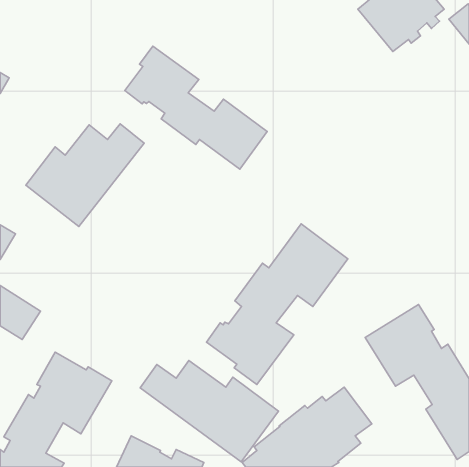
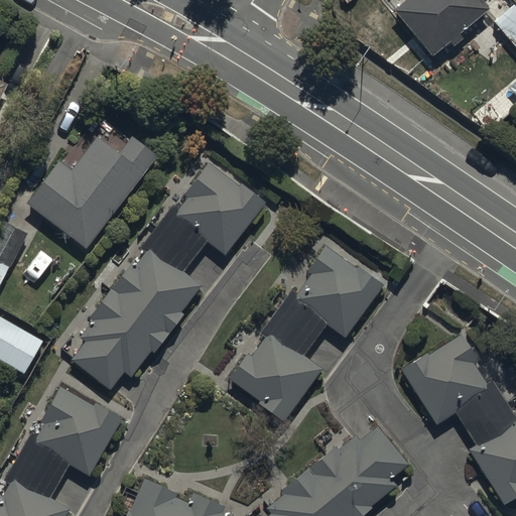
building: [125,46,267,169] -> none
building: none -> [72,161,268,392]
building: [140,360,279,462] -> none

